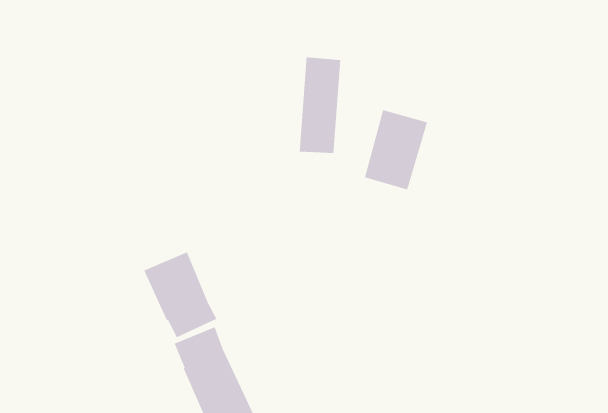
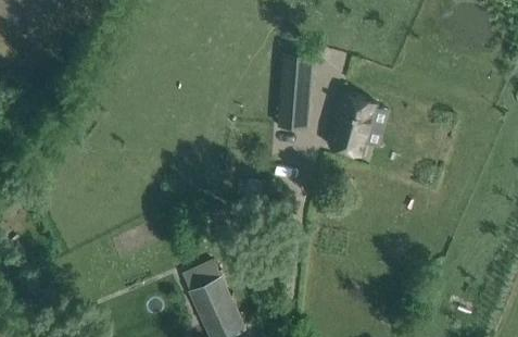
building: [144,252,217,338] -> none

